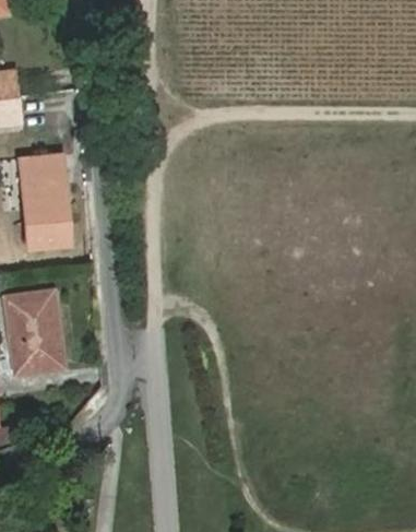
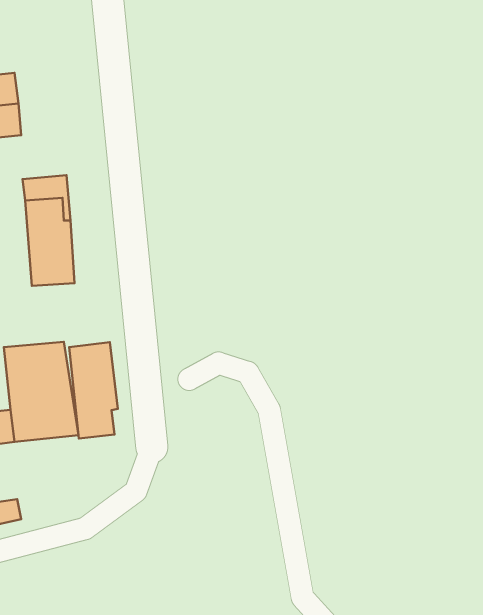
building: none -> [69,342,118,438]

